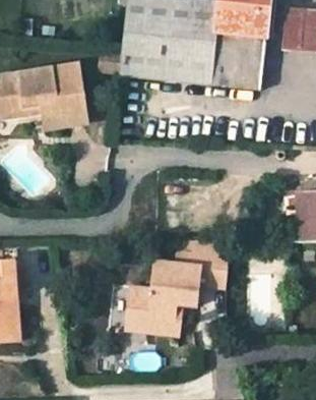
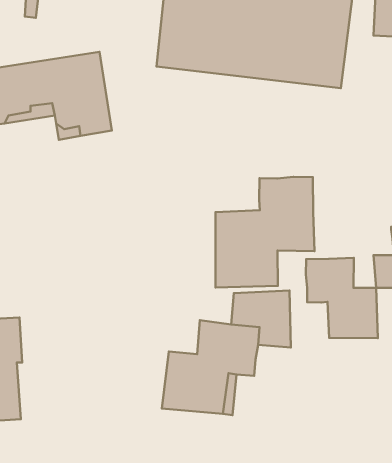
building: none -> [215,177,315,288]
building: none -> [306,258,378,338]

